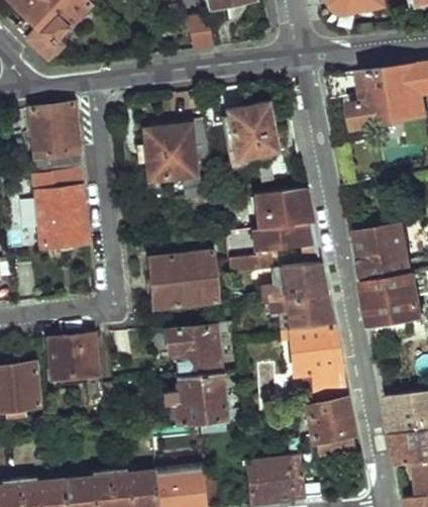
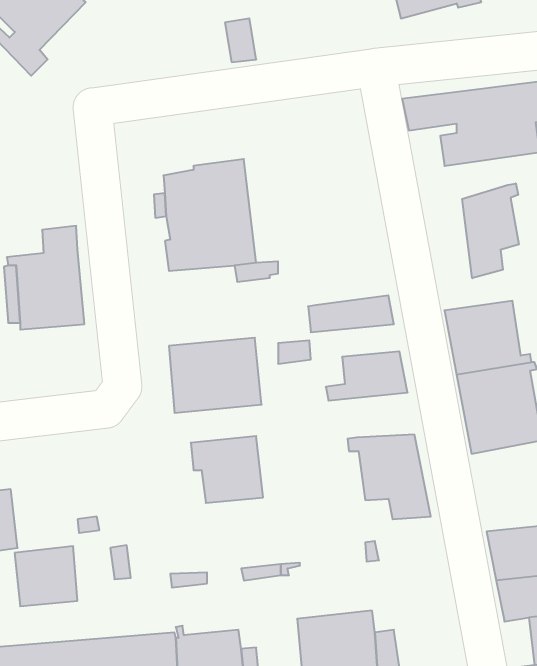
building: [227,101,278,160] -> none
building: [32,106,81,176] -> none
building: none -> [462,183,519,278]
building: [254,187,312,228] -> none
building: [268,293,331,326] -> none
building: [48,335,95,380] -> [15,546,77,606]
building: [163,371,224,422] -> none
building: [306,399,355,455] -> none

